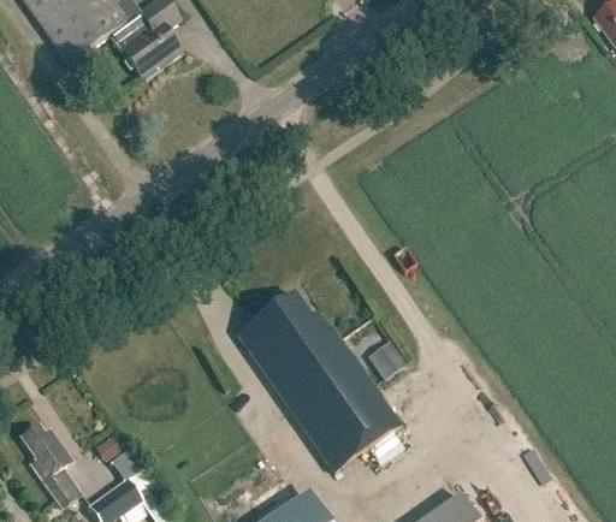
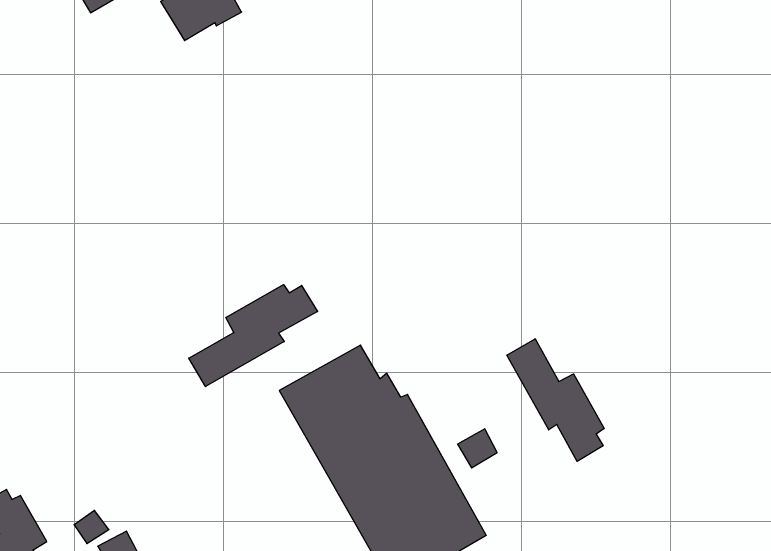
building: none -> [189,285,318,387]
building: none -> [507,339,604,461]

